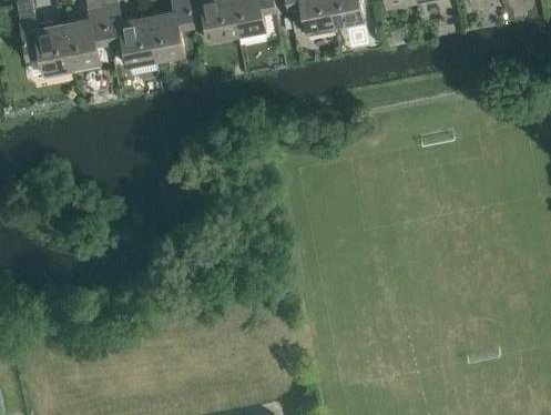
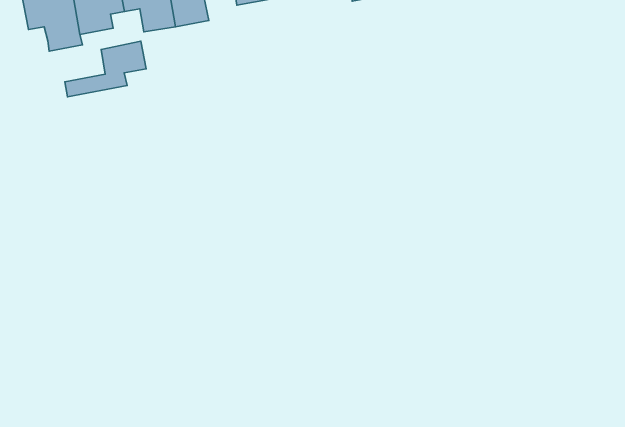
building: none -> [65,41,146,97]

